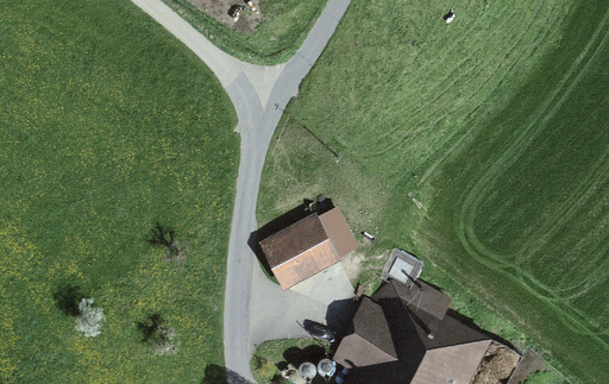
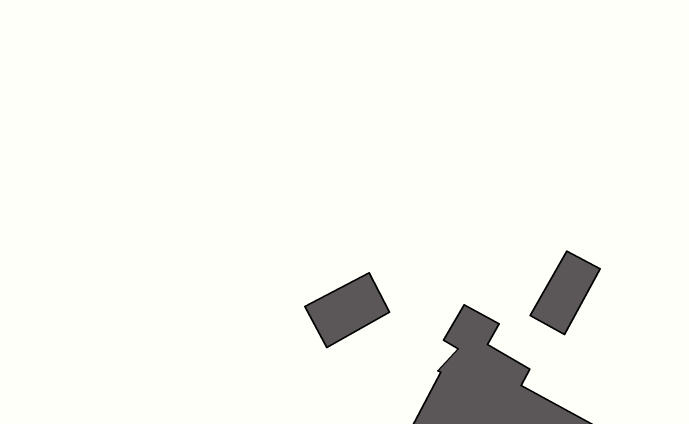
building: none -> [530,251,600,335]

